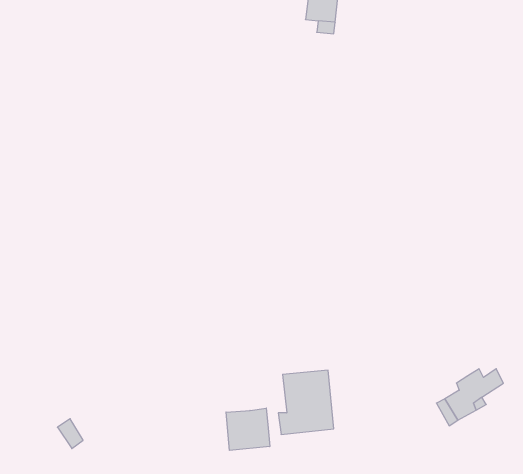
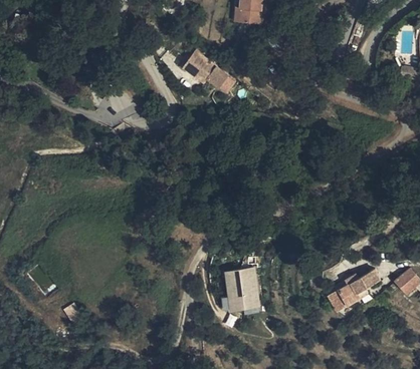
building: none -> [184,50,228,86]
building: [226,408,270,450] -> none

